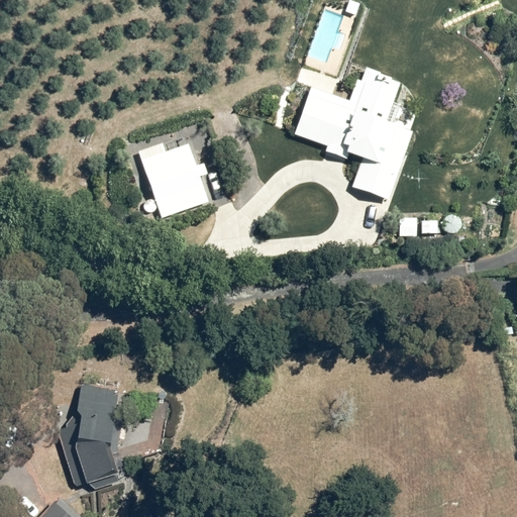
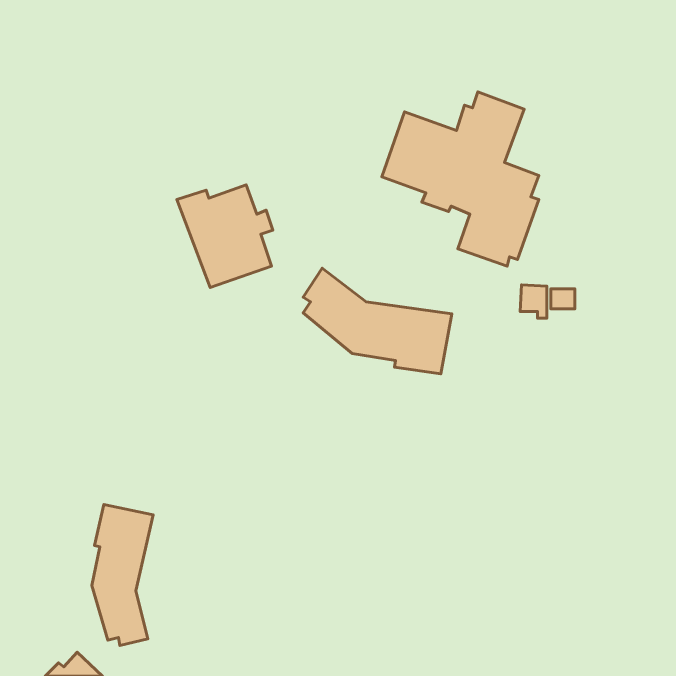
building: none -> [303,268,452,374]

